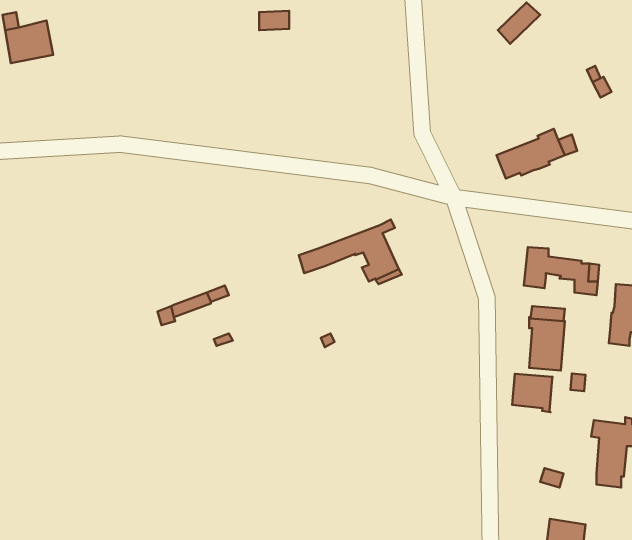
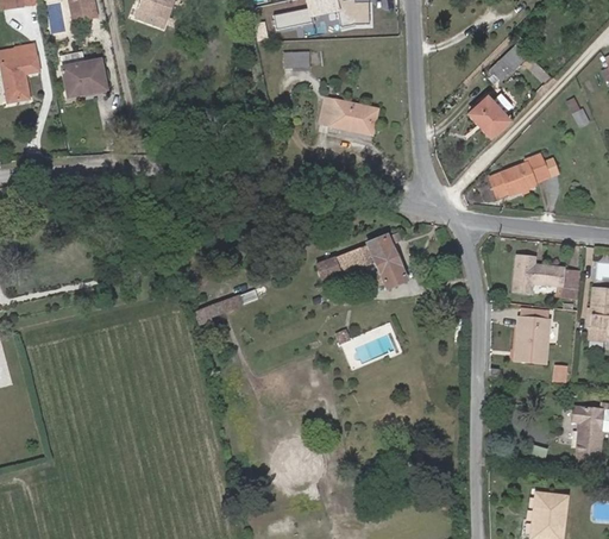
building: none -> [470,94,509,134]
building: none -> [319,96,377,134]
building: [512,374,553,412] -> none

